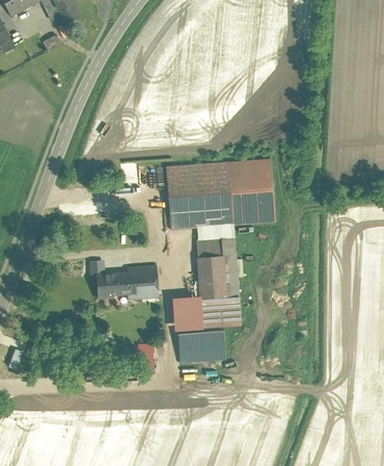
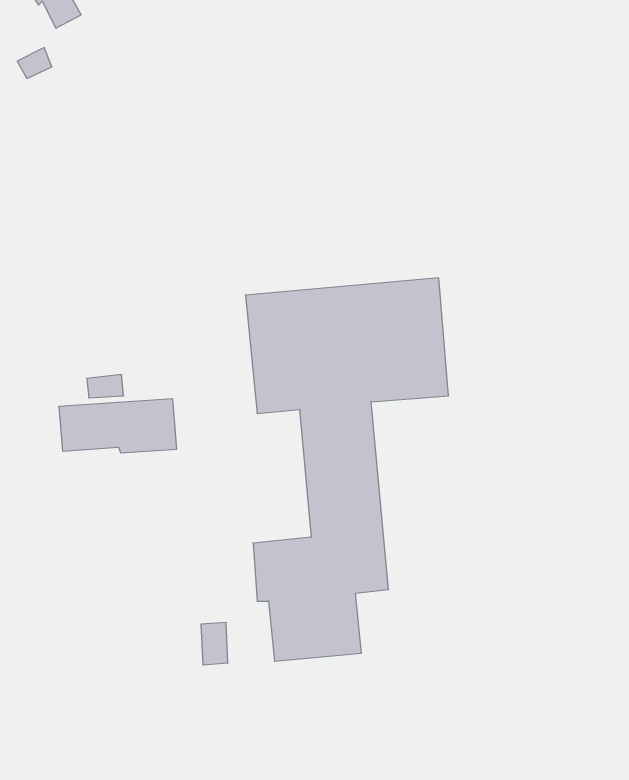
building: [94,270,158,300] -> [59,399,177,453]

